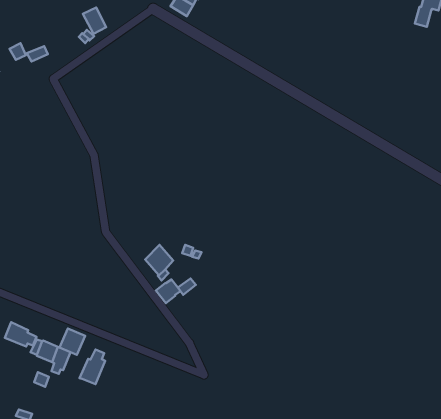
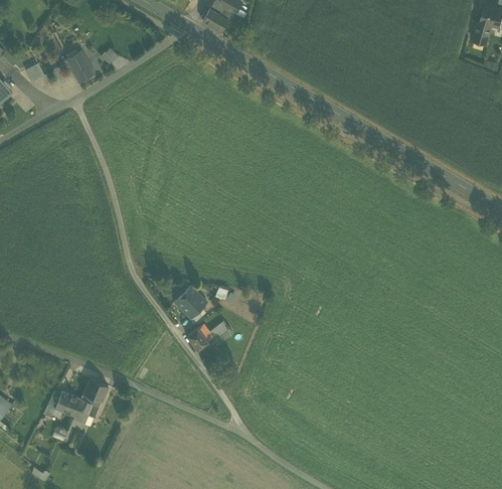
building: [83,7,106,34] -> [64,50,91,79]
building: [5,322,37,347] -> none
building: [80,350,105,384] -> none

